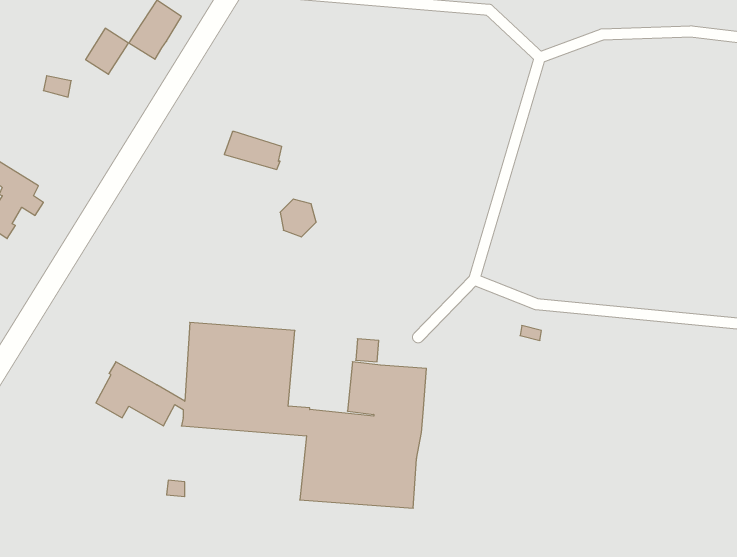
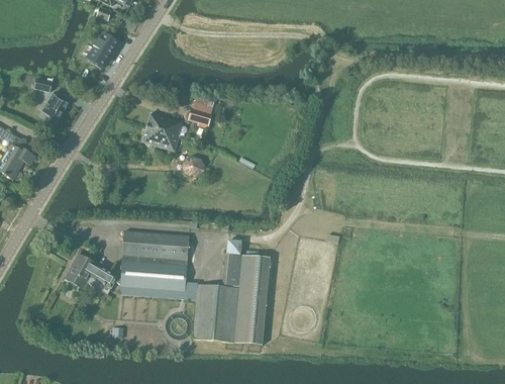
building: [86,28,128,74] -> [42,91,69,119]
building: none -> [189,101,212,127]
building: none -> [141,126,178,151]

